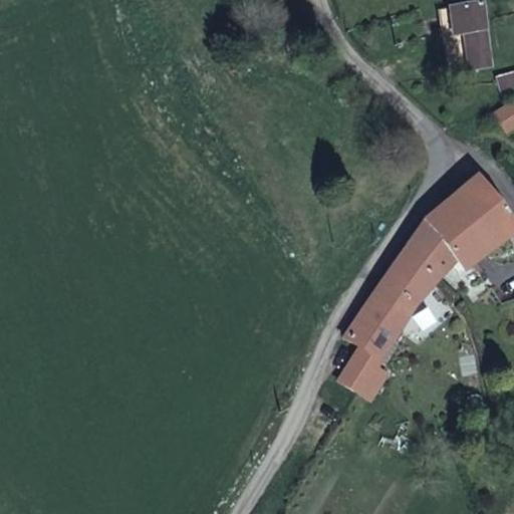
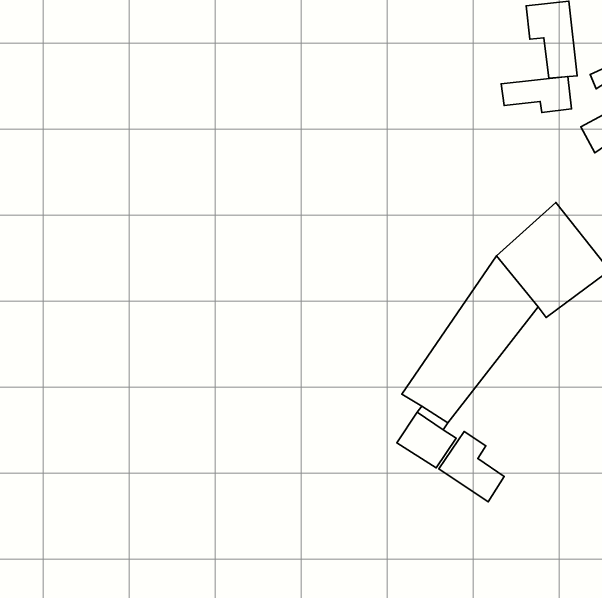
building: none -> [501,77,571,112]
building: none -> [439,431,504,502]

